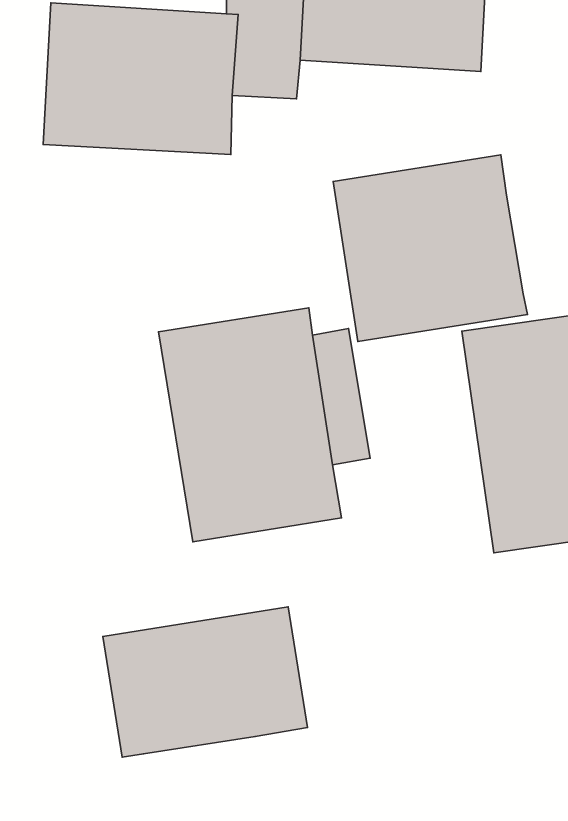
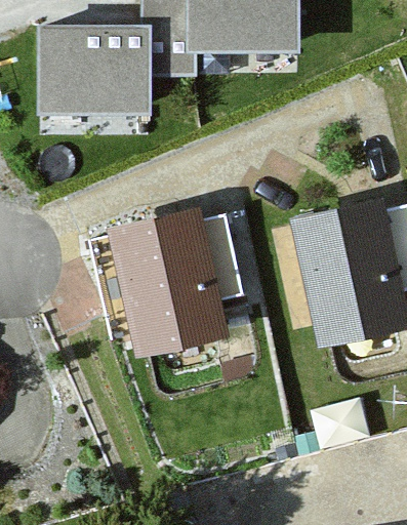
building: [333,155,527,342] -> none
building: [103,607,308,757] -> none

